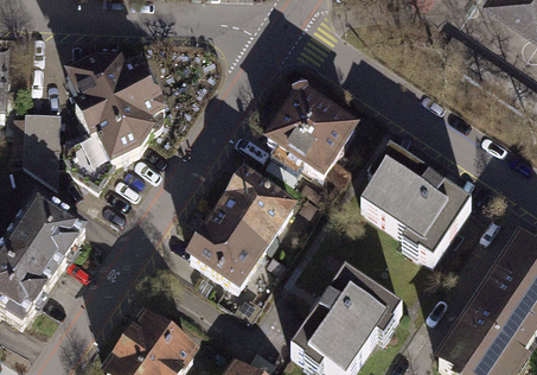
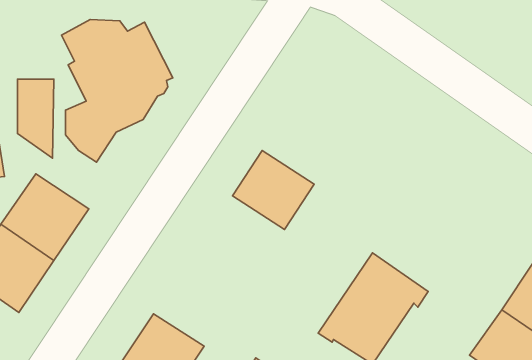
building: [268,91,356,172] -> none
building: [357,145,467,258] -> none
building: [192,212,264,284] -> none

